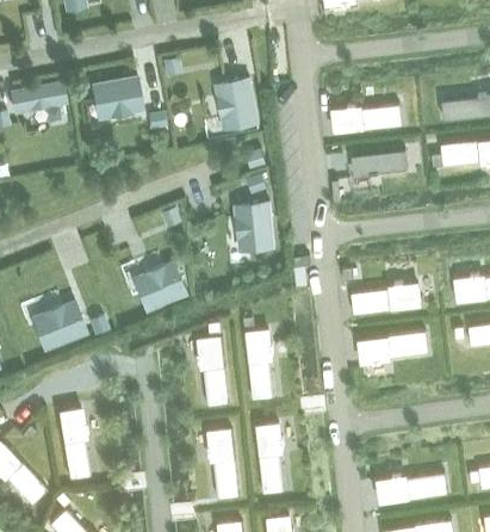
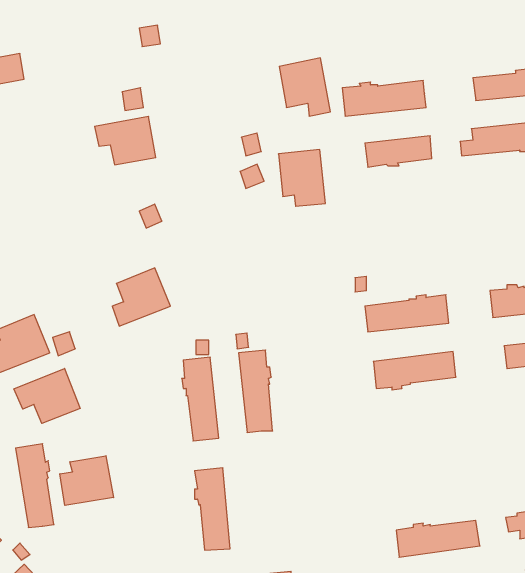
building: [92,76,143,117] -> [95,116,156,165]
building: [216,78,259,126] -> [279,58,330,116]
building: [235,202,274,249] -> [278,150,325,206]
building: none -> [14,368,80,423]
building: none -> [60,456,114,505]
building: [256,423,285,494] -> none

